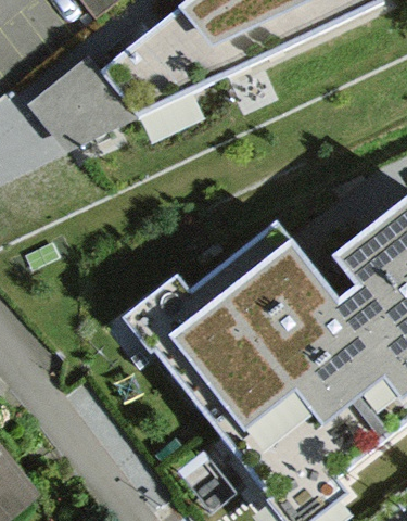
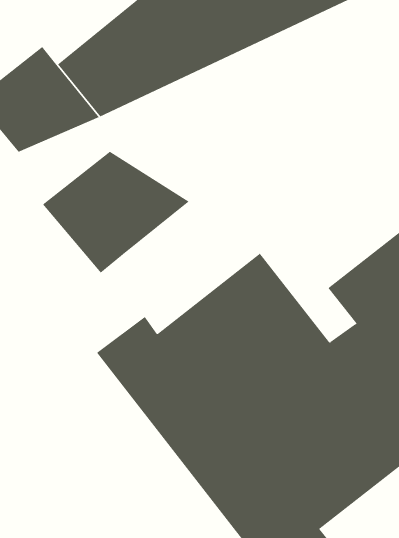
building: none -> [42,151,190,274]

